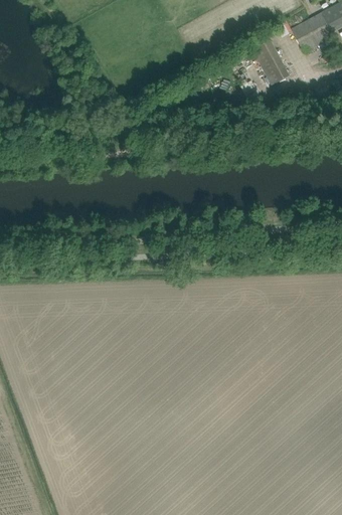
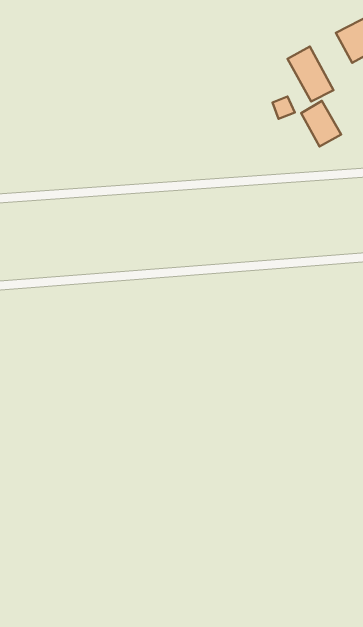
building: none -> [301,101,341,147]

